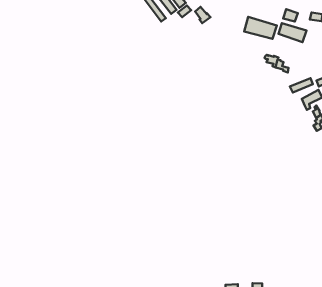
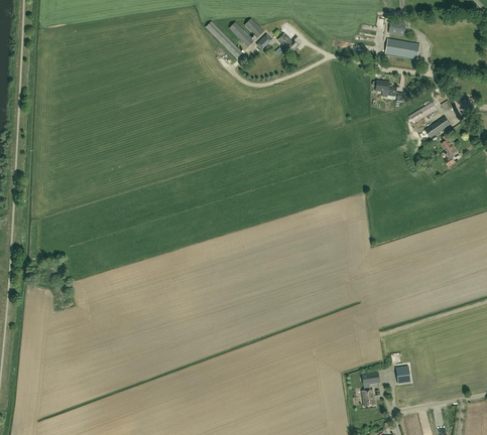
building: [244,17,277,39] -> none

